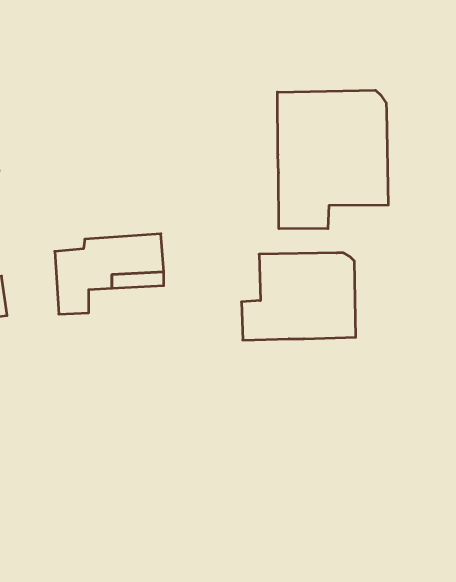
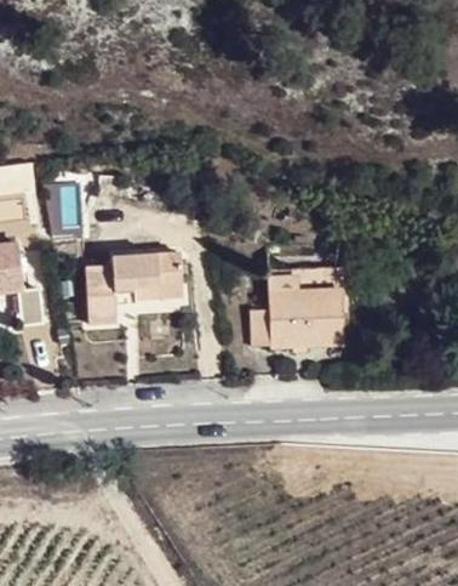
building: [277,90,388,229] -> none

